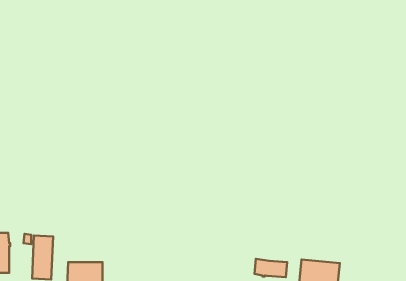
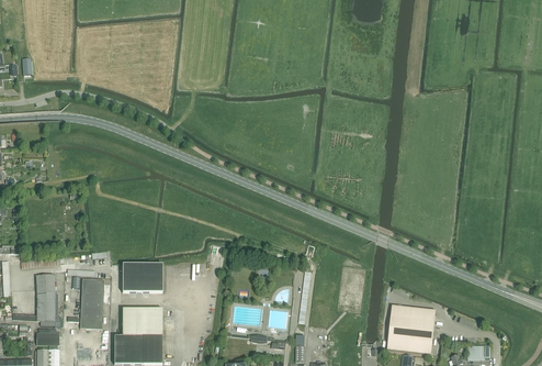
building: none -> [123,264,162,292]
building: [254,259,287,277] -> none

